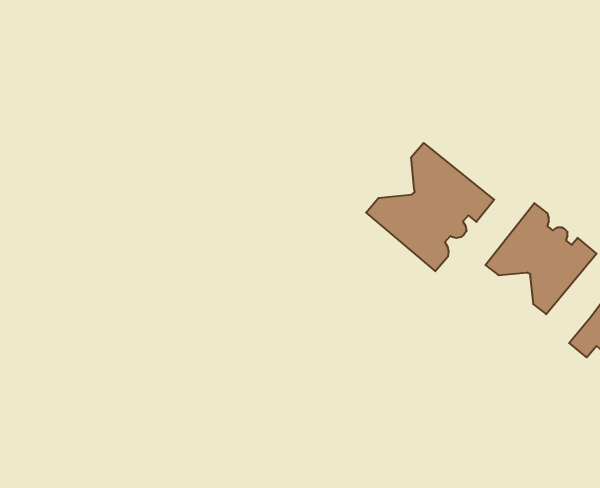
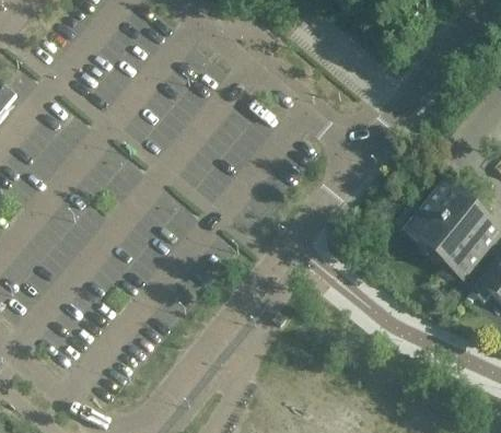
building: [366,143,494,271] -> none

